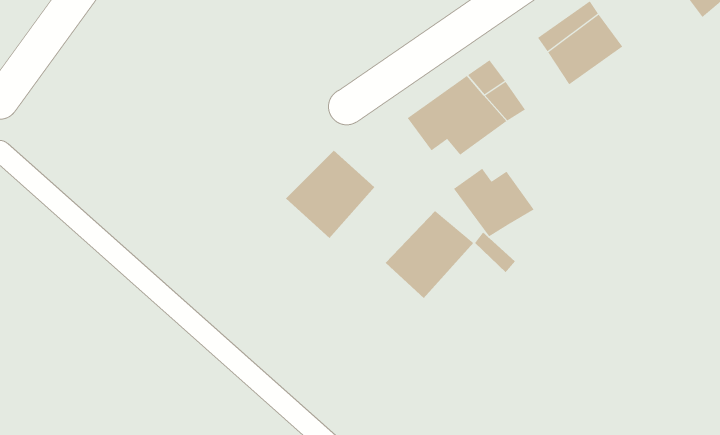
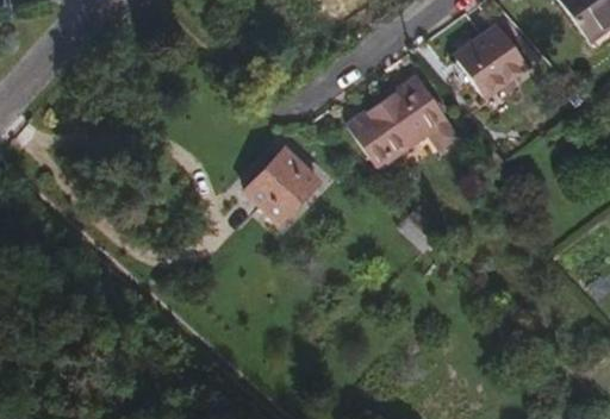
building: [453,168,534,237] -> none
building: [385,210,474,299] -> none

